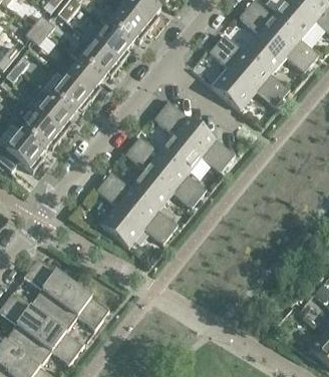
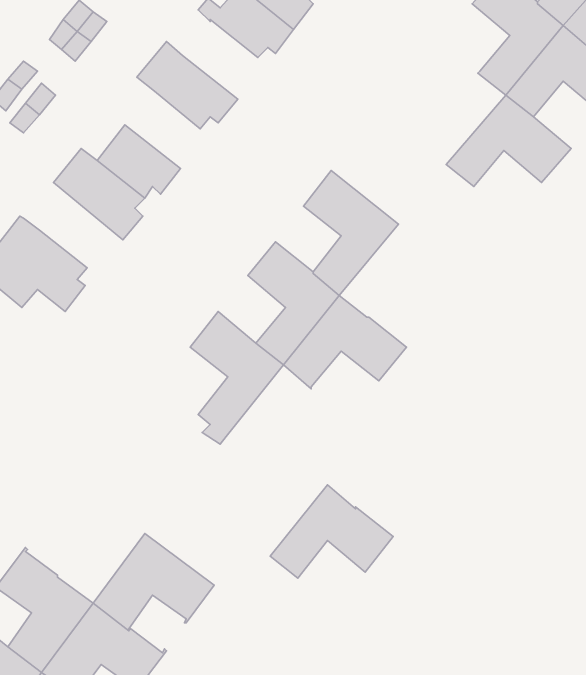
building: [92,24,130,64] -> none
building: [210,34,256,97] -> none
building: [63,60,101,99] -> none
building: [12,106,62,149] -> none
building: [172,127,235,174] -> none
building: [114,199,177,246] -> [270,485,393,578]
building: [23,258,73,319] -> none

